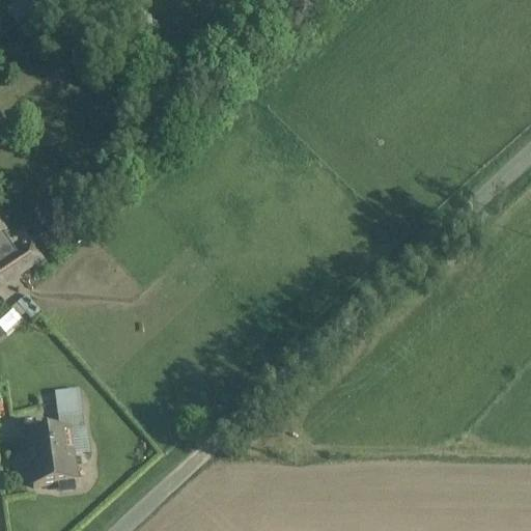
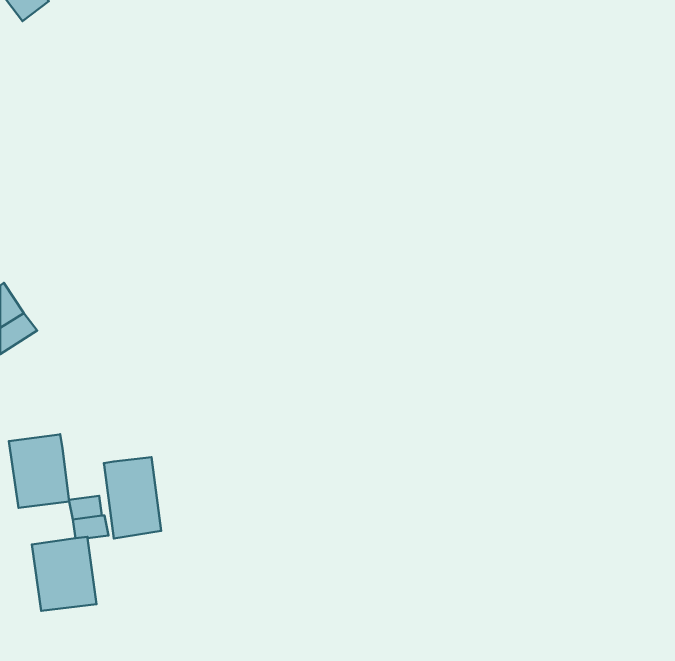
building: none -> [9,434,69,508]
building: none -> [104,457,161,538]

